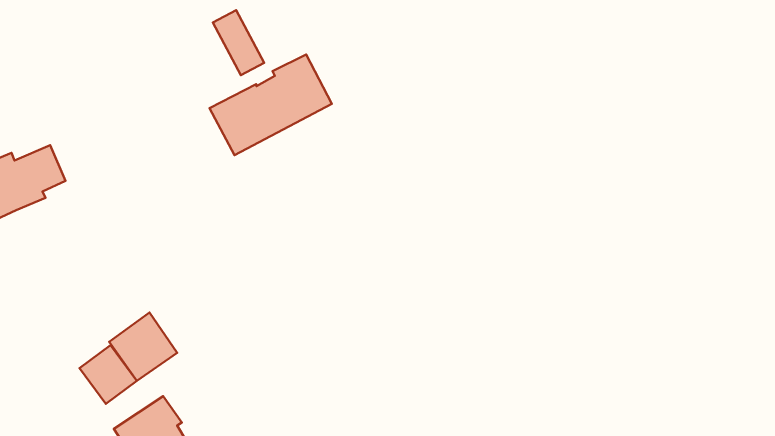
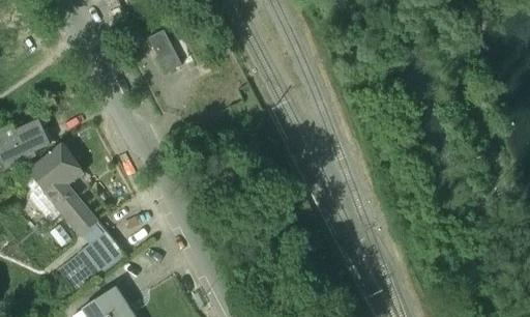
building: [210,55,332,155] -> none
building: none -> [26,143,97,234]

